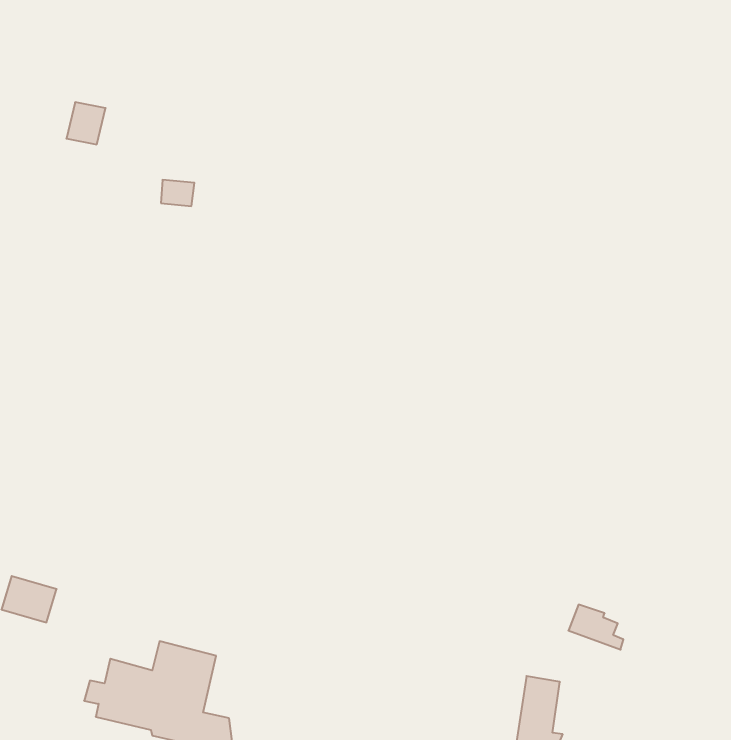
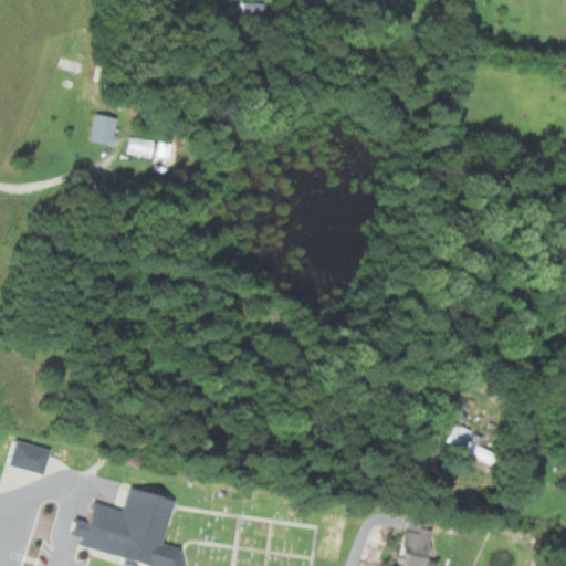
building: [66,102,106,144] -> [91,116,120,148]
building: [568,605,623,650] -> [448,424,490,459]

